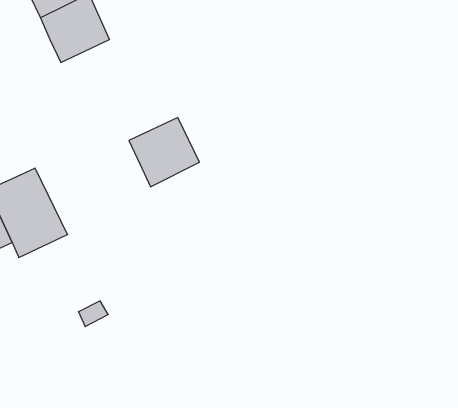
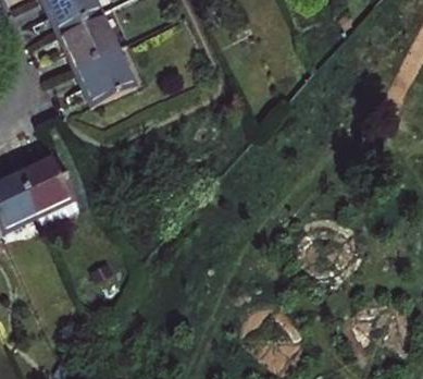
building: [129,118,199,187] -> [75,49,132,105]

